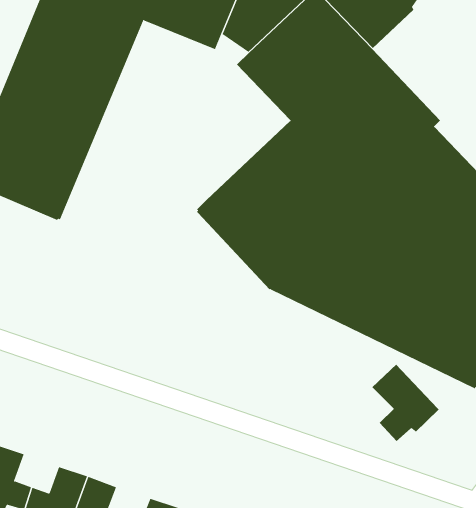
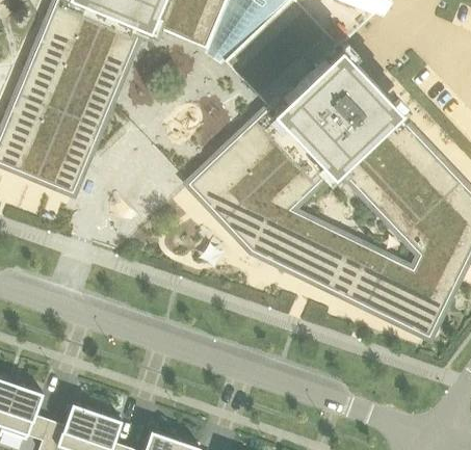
building: [372,364,444,442] -> none

